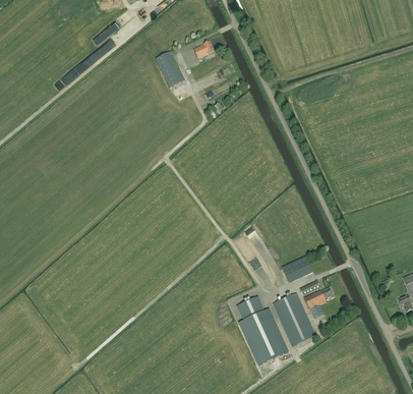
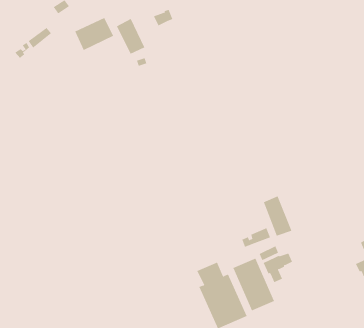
building: none -> [75,17,114,51]
building: none -> [263,196,292,237]

